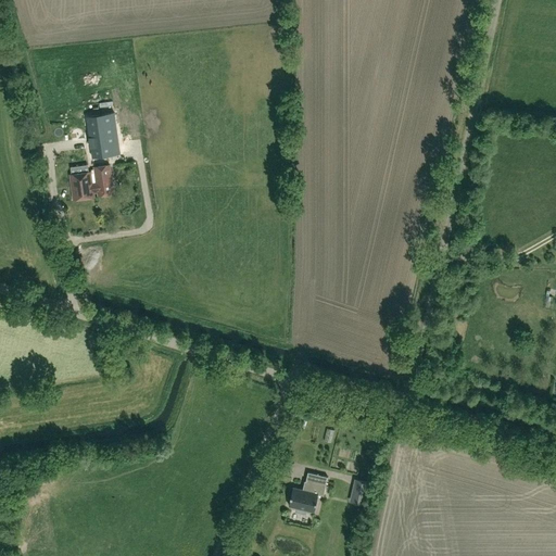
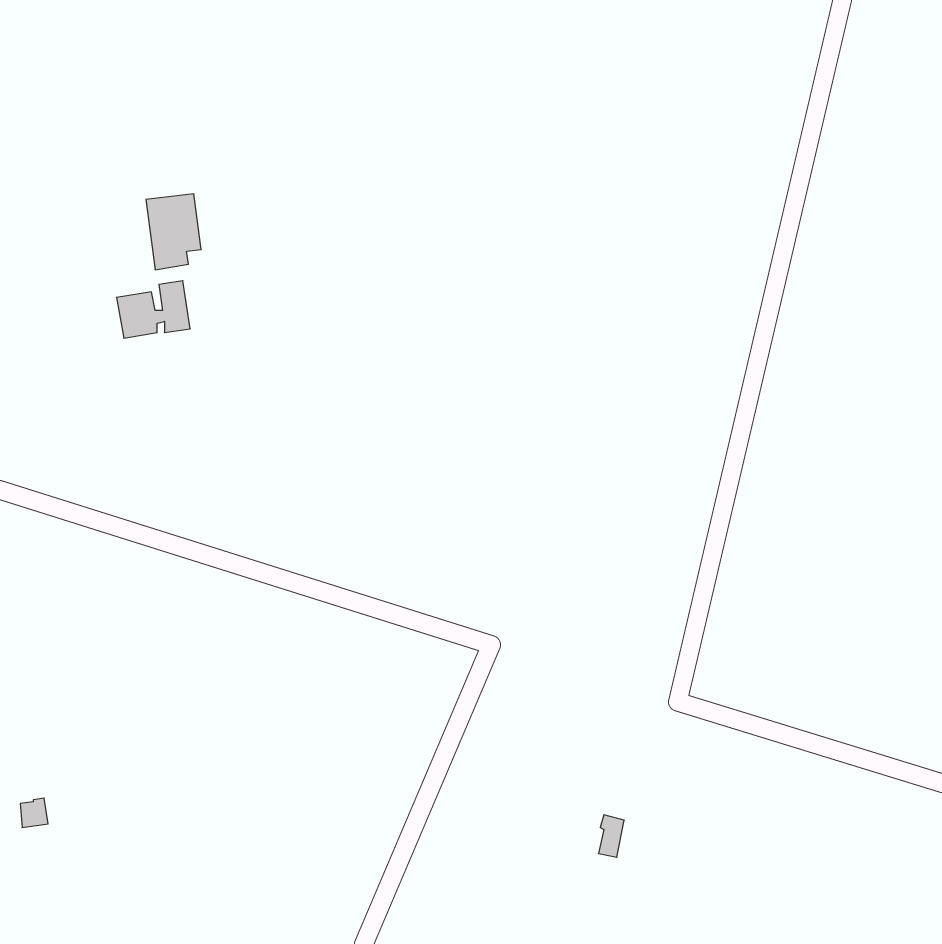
building: [288,471,327,513] -> none

